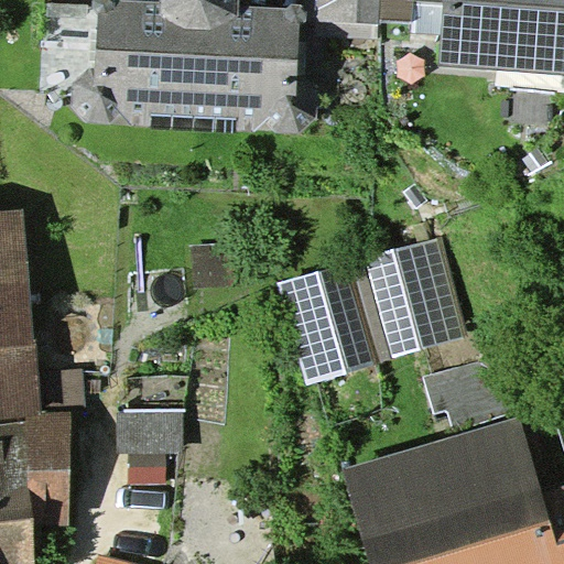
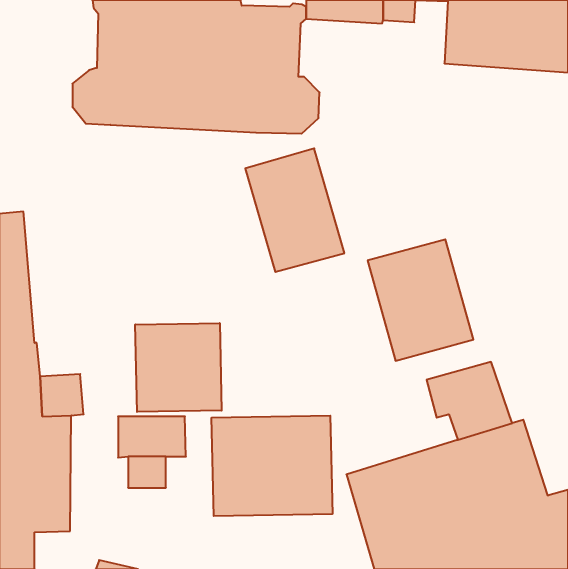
building: [276,262,375,384] -> [245,148,344,272]
building: none -> [135,323,222,412]
building: none -> [212,416,332,516]

